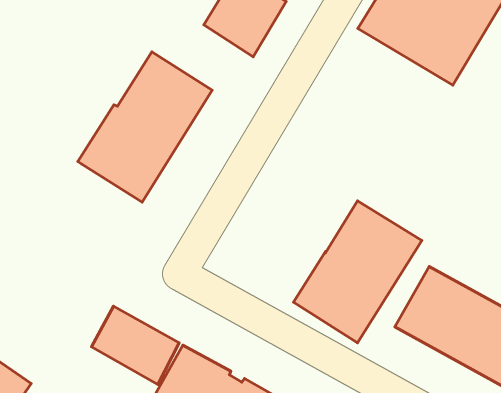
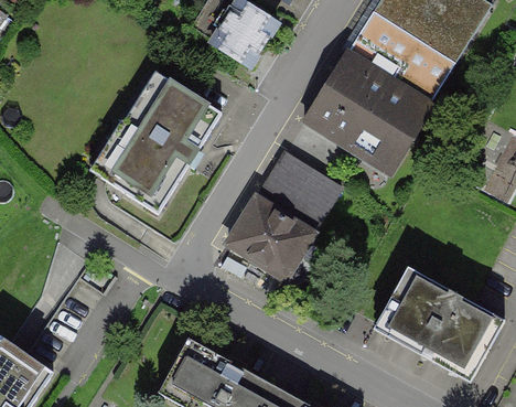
building: none -> [304,54,431,171]
building: [293,201,422,343] -> [227,151,342,278]
building: [91,306,179,385] -> none

